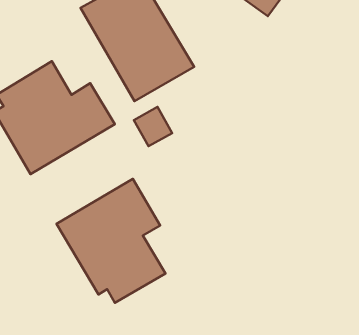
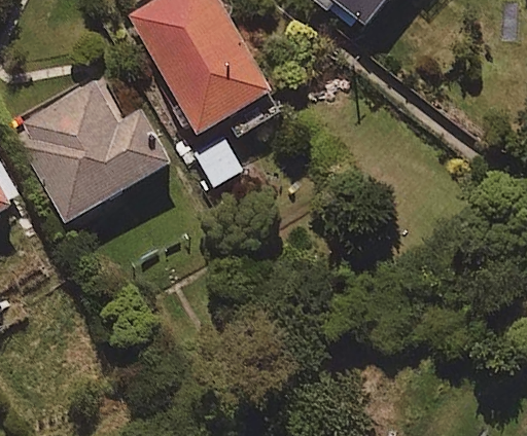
building: [57,179,166,303] -> none

